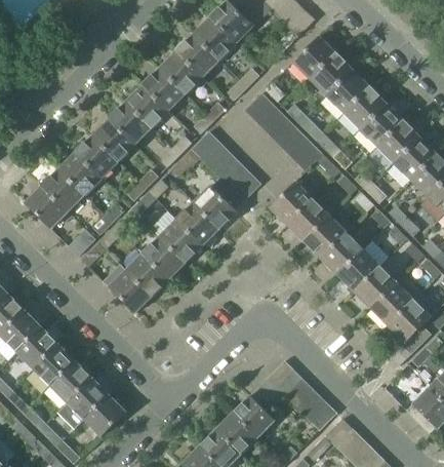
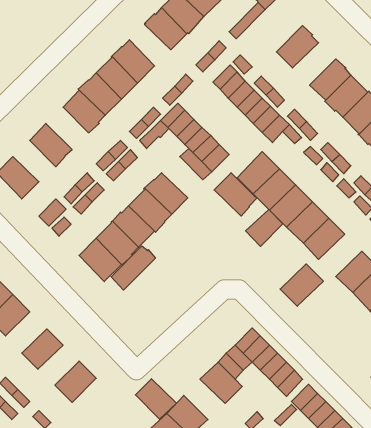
building: [293,36,336,79] -> none
building: [160,51,202,94] -> none
building: [326,70,370,113] -> none
building: [75,135,118,179] -> none
building: [41,169,84,211] -> none
building: [193,185,237,229] -> [214,173,257,216]
building: none -> [246,210,283,246]
building: [353,265,397,308] -> [280,264,323,306]
building: none -> [111,246,155,290]
building: [34,344,76,386] -> none
building: [67,378,109,419] -> none
building: [215,413,257,454] -> [135,379,177,419]

